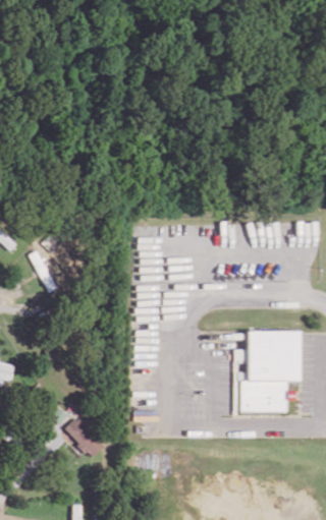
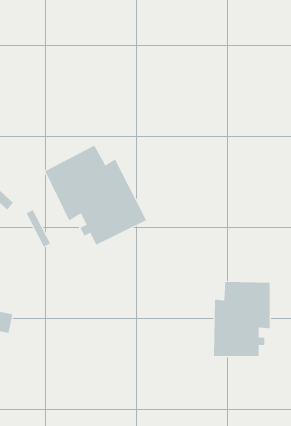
building: none -> [44,145,147,246]
building: [66,415,107,458] -> none

